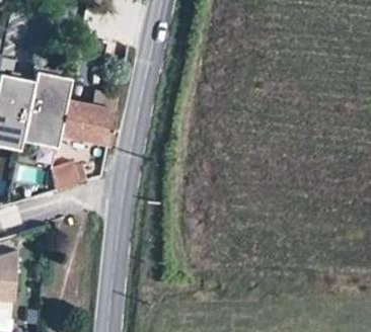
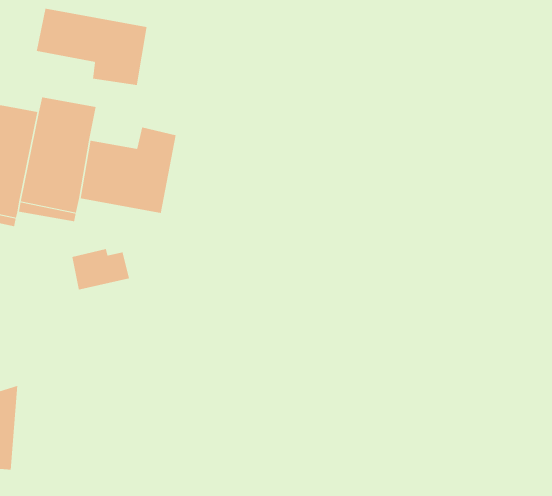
building: none -> [36,8,147,86]

